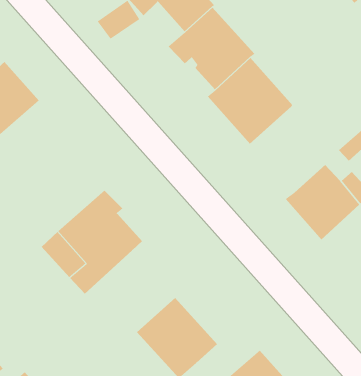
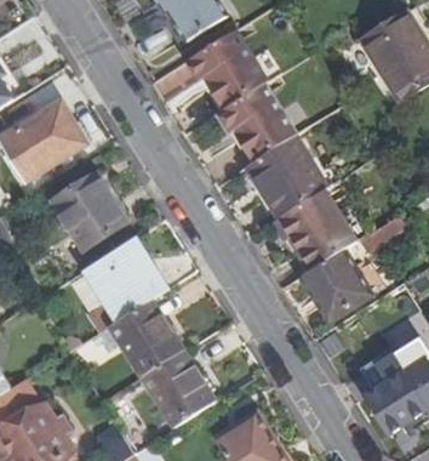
building: none -> [278,189,356,271]
building: none -> [53,175,125,249]
building: none -> [98,300,183,377]

